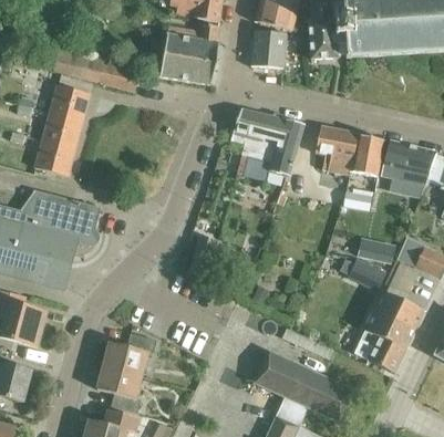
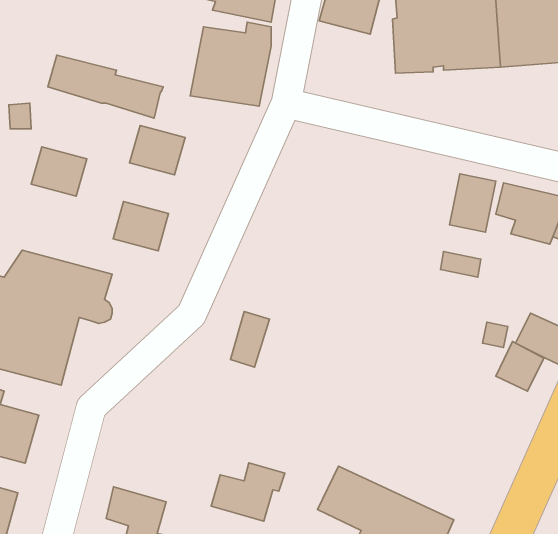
building: [249,30,285,67] -> none
building: [49,85,90,122] -> [130,125,185,175]
building: [230,108,302,177] -> none
building: [316,125,358,174] -> none
building: [33,141,74,177] -> [113,201,169,251]
building: [341,258,384,287] -> none
building: [354,290,423,370] -> none
building: [102,332,156,375] -> [211,463,285,521]

